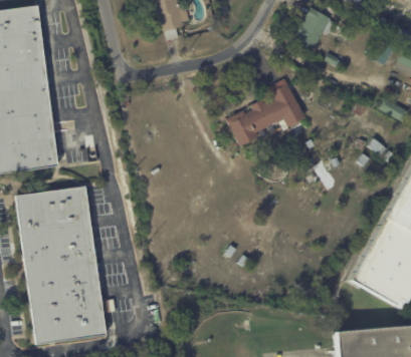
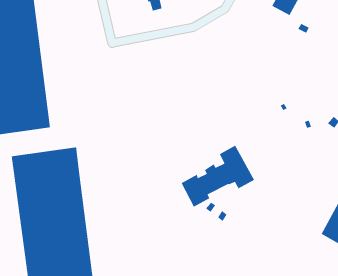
building: [225,79,305,147] -> [181,145,255,208]

